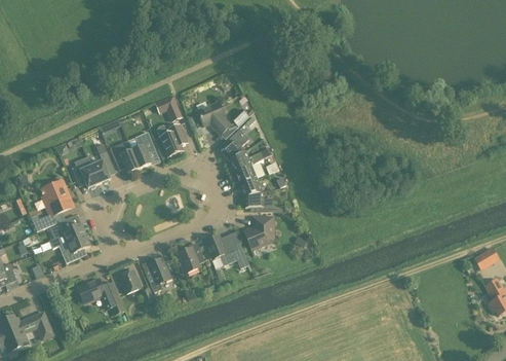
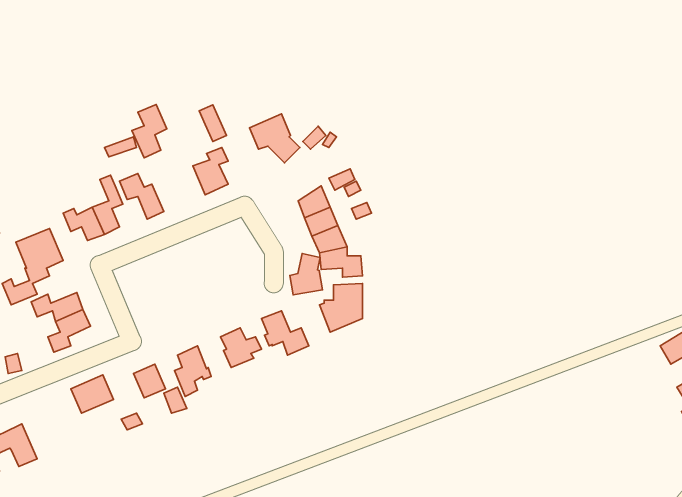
building: [222,129,248,160] -> none
building: [131,132,155,168] -> [132,104,167,158]
building: none -> [290,254,323,295]

